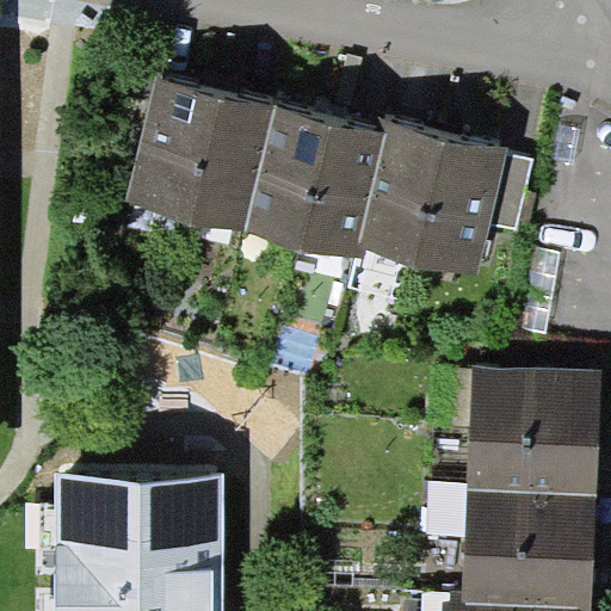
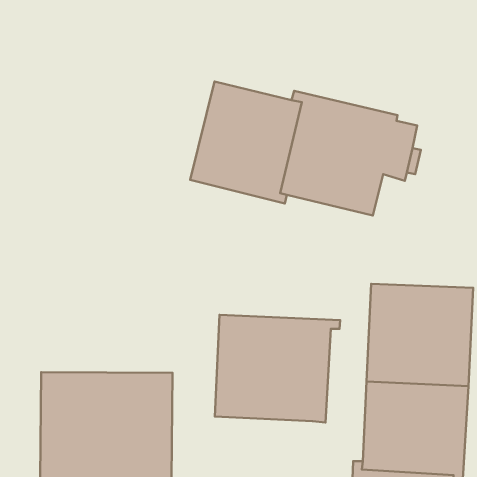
building: [123,78,273,232] -> none
building: none -> [215,315,340,423]

